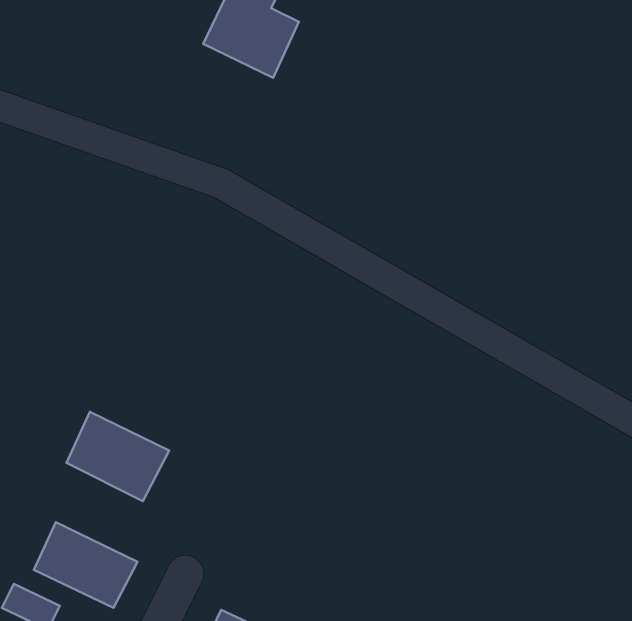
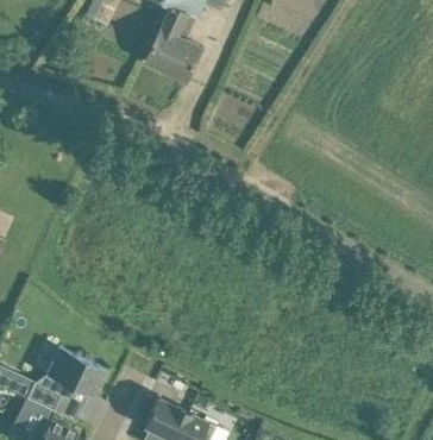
building: [66,412,169,501] -> none

